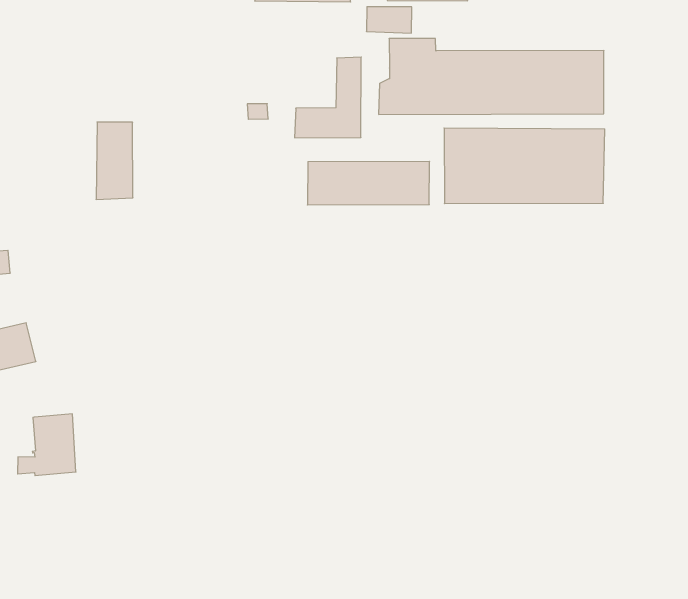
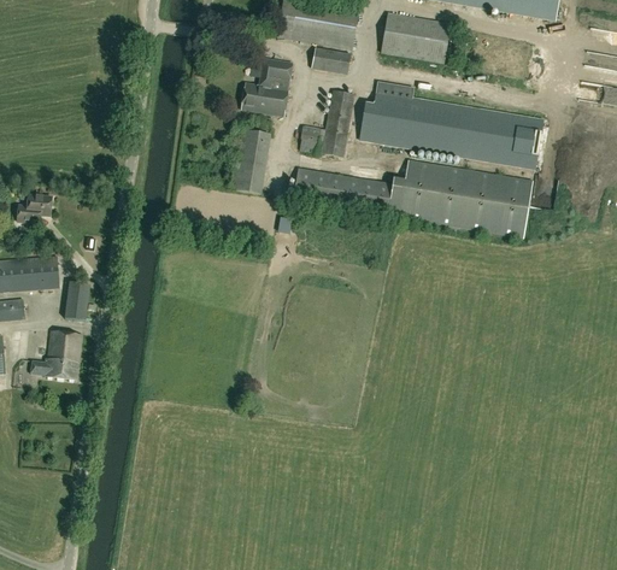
building: [366,7,412,33] -> [312,47,351,74]
building: none -> [241,58,293,116]
building: [96,122,133,199] -> [231,129,270,193]
building: none -> [65,281,90,321]

